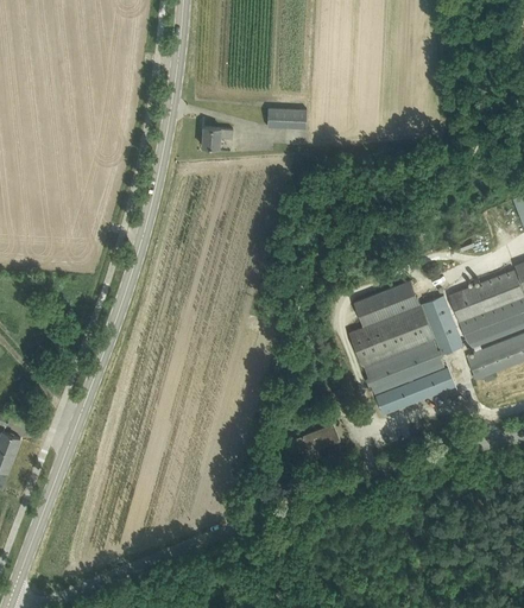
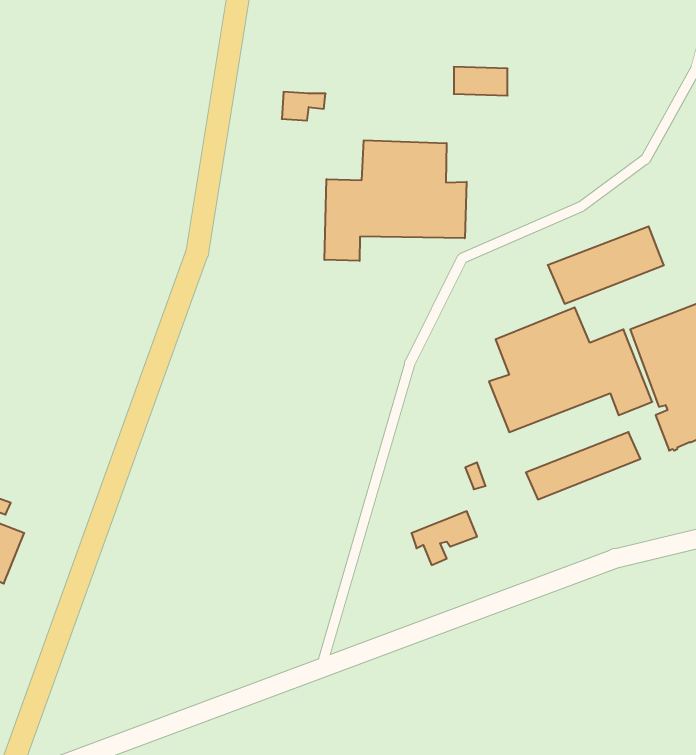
building: [267,109,305,129] -> [454,67,508,96]
building: none -> [324,140,467,261]
building: [362,341,444,395] -> [548,226,664,304]

